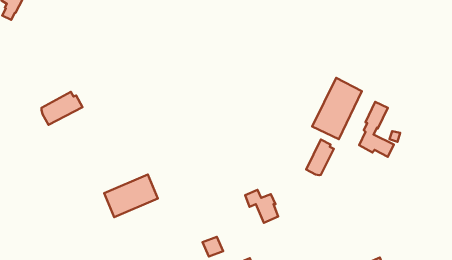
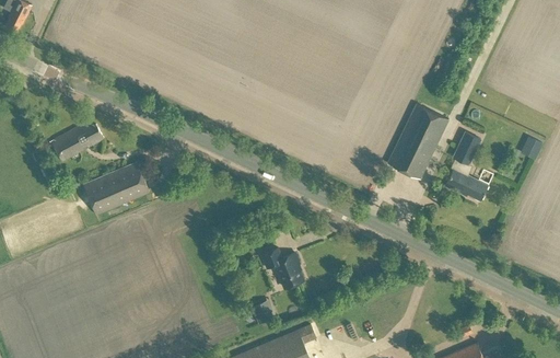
building: [306,140,334,175] -> none
building: [104,175,158,217] -> [83,162,149,215]
building: [245,190,278,223] -> [261,247,302,288]

